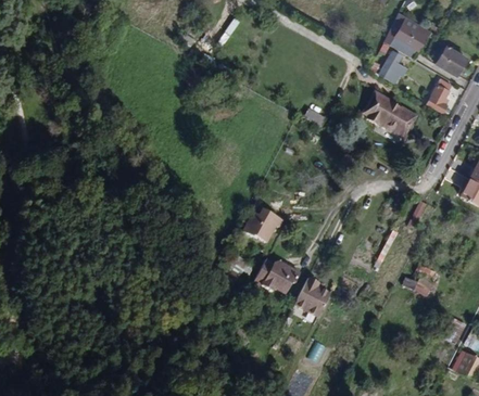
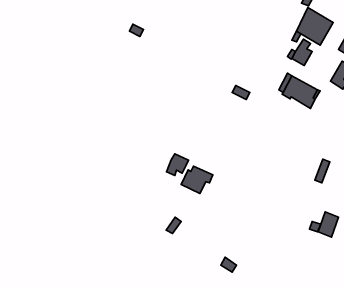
building: none -> [166,154,189,176]
building: [256,259,303,294] -> none
building: [294,277,330,315] -> none

